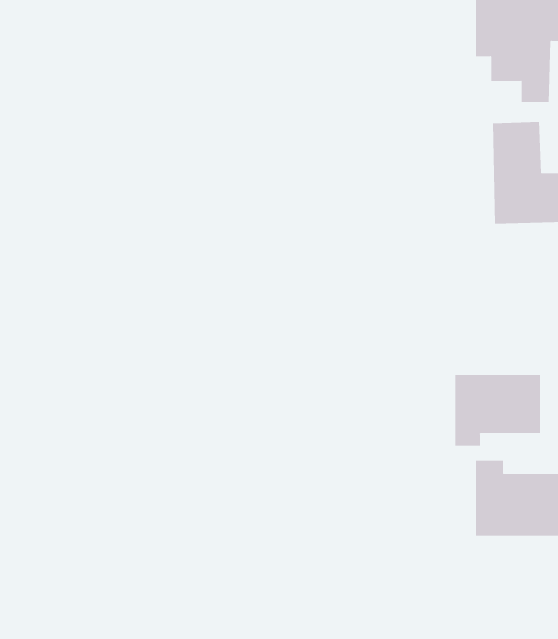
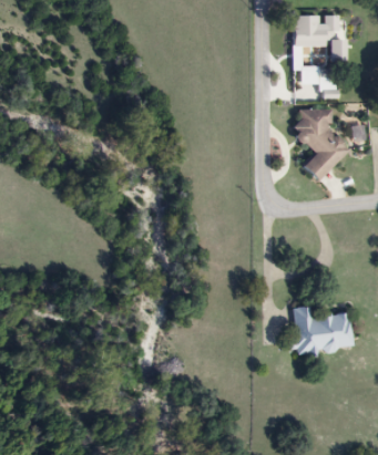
building: [455,374,540,447] -> none

